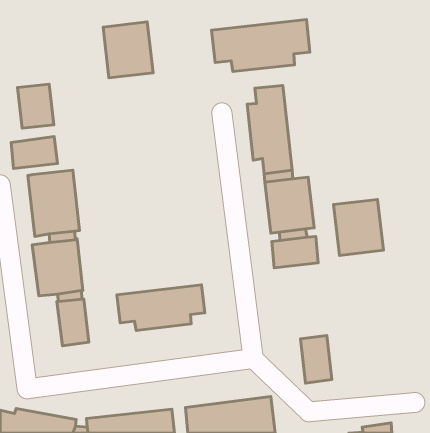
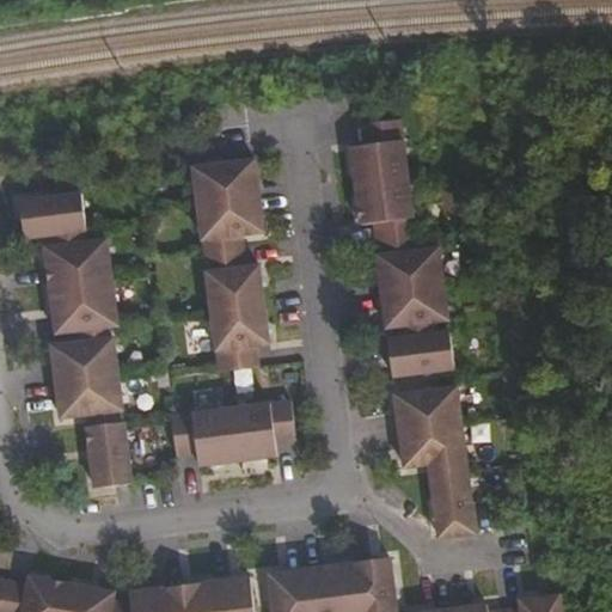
building: [212,20,310,71] -> none
building: [103,22,153,78] -> [194,160,264,239]
building: [17,84,54,128] -> none
building: none -> [203,246,268,372]
building: [333,199,383,255] -> [393,390,464,469]

